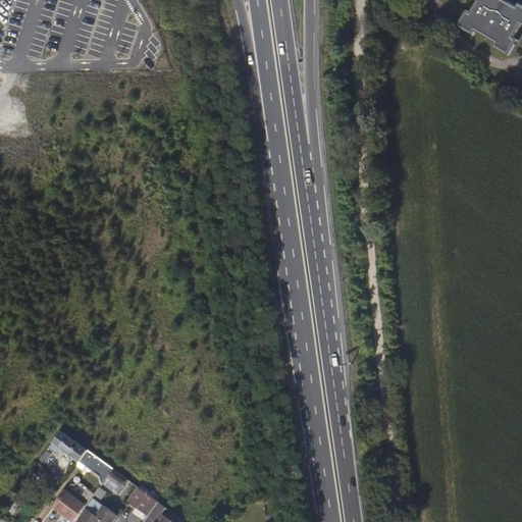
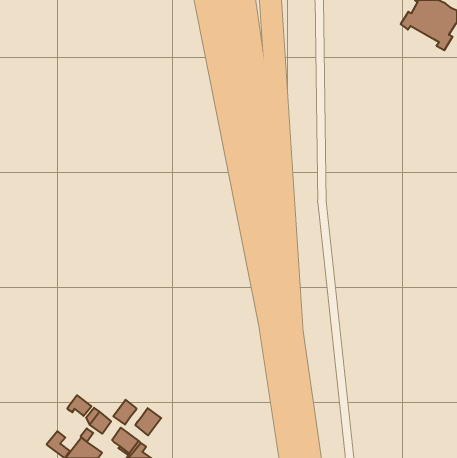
building: [40,430,88,463] -> none
building: none -> [113,400,136,425]
building: none -> [135,408,161,435]

